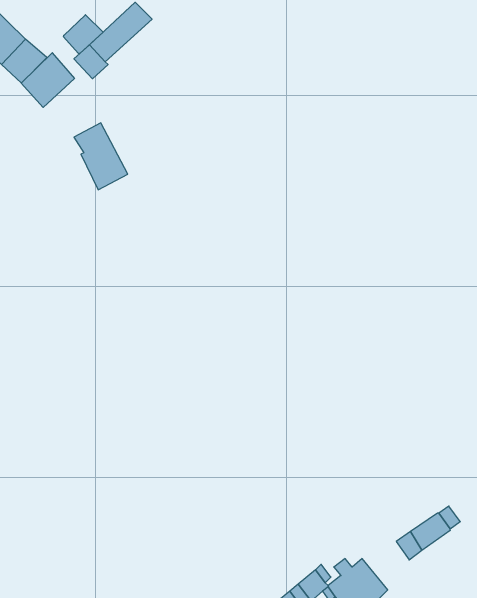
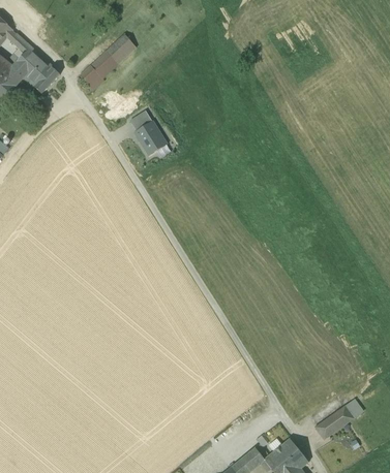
building: [64,15,103,54] -> none
building: [21,53,74,107] -> none
building: [74,123,128,190] -> [129,108,169,157]

